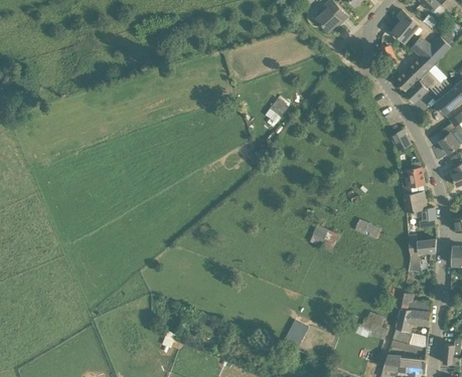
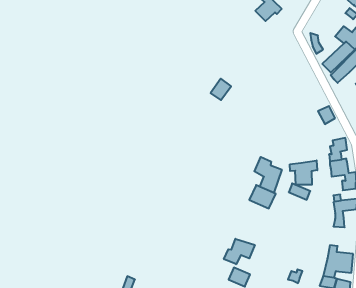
building: [393,10,420,42] -> none
building: none -> [254,157,282,193]
building: none -> [290,160,317,185]
building: none -> [224,239,255,264]

